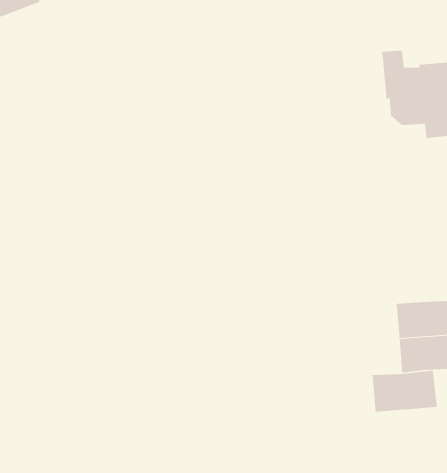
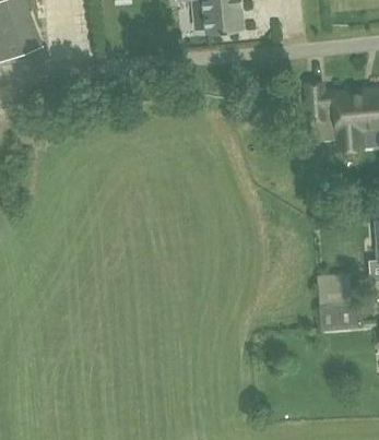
building: [372,370,437,412] -> none

